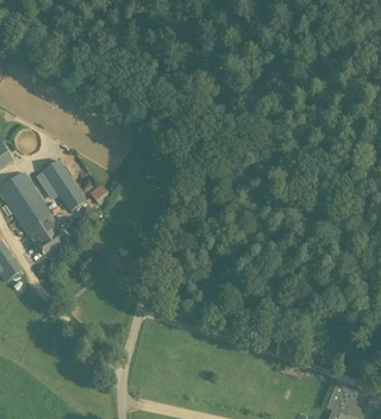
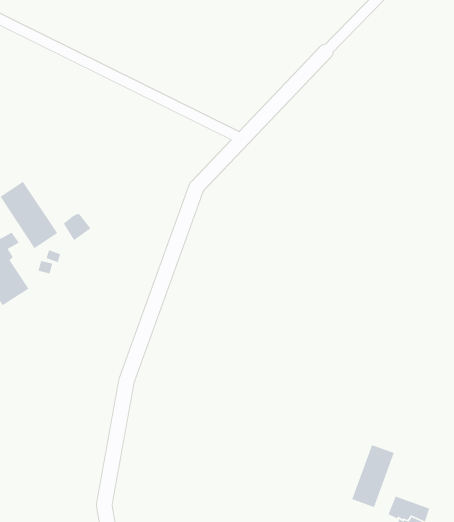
building: none -> [351,444,395,508]

